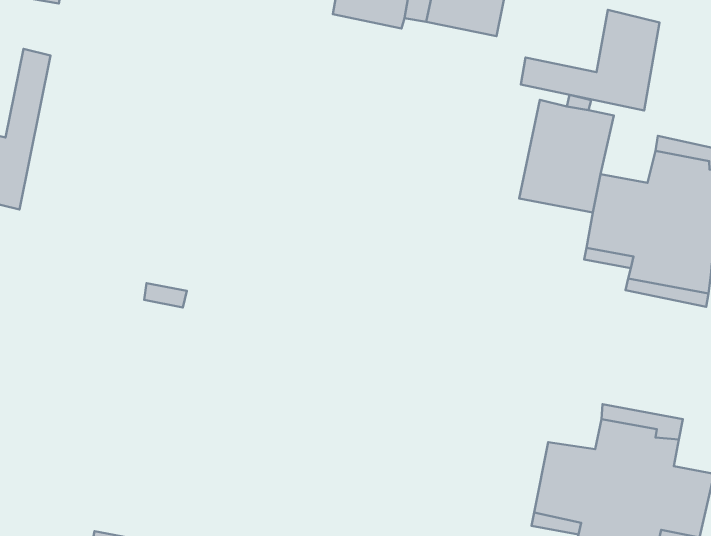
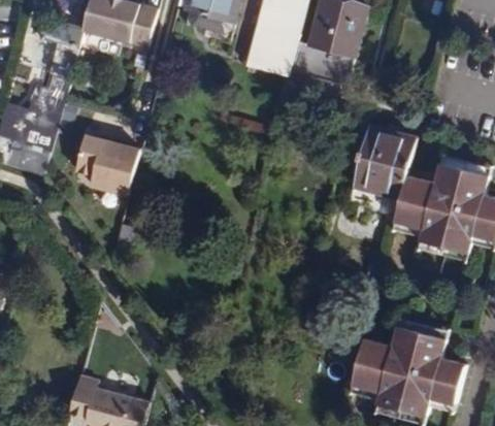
building: [521,10,659,110] -> none
building: none -> [73,135,137,196]

